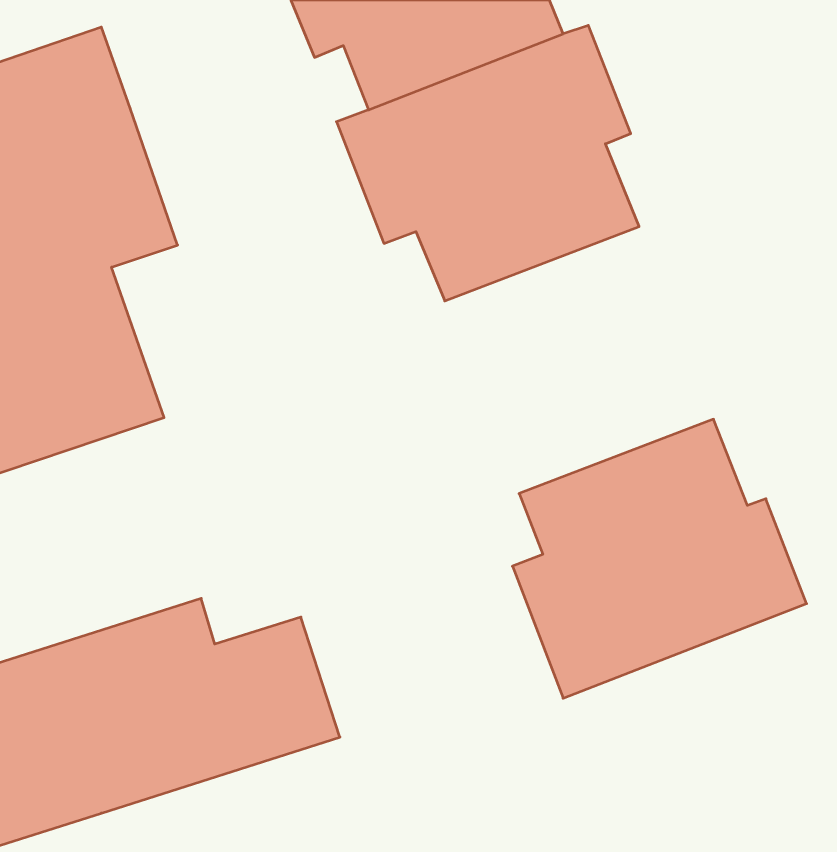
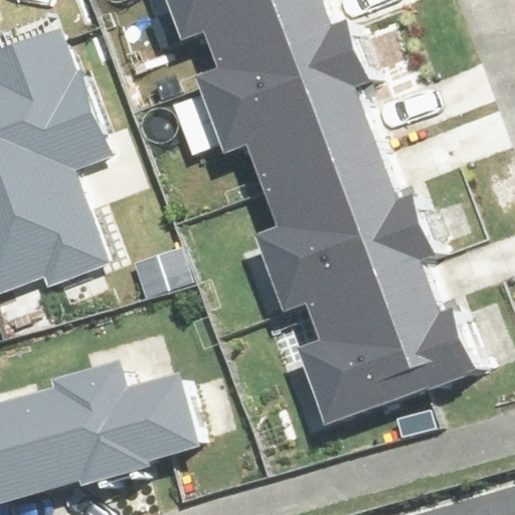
building: none -> [259,142,442,309]

